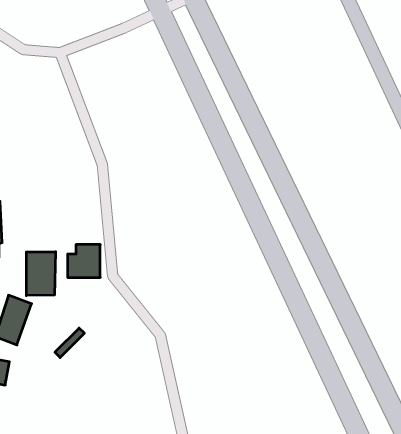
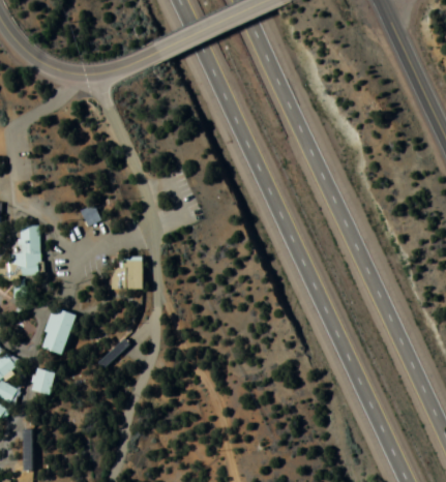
building: [26,252,56,296] -> none

